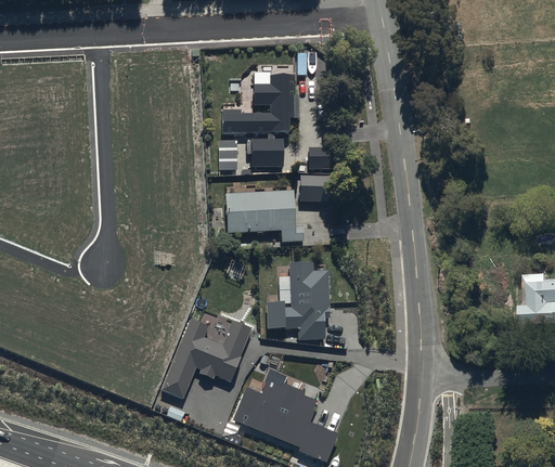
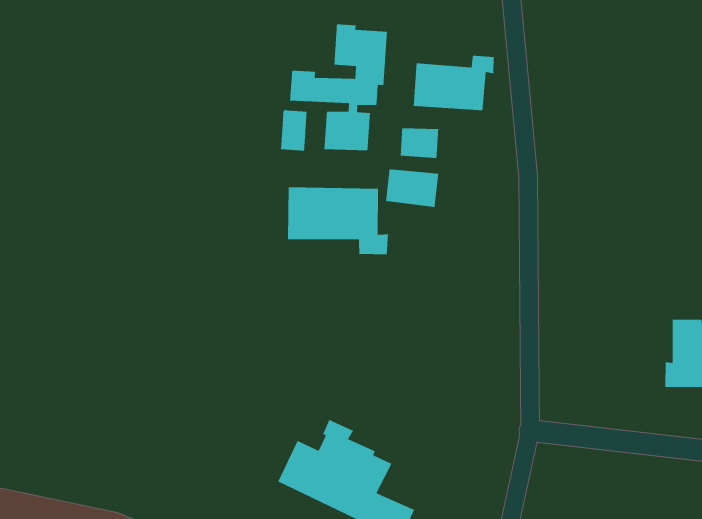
building: none -> [413,55,495,111]
building: [267,260,330,339] -> none
building: [159,316,251,399] -> none

